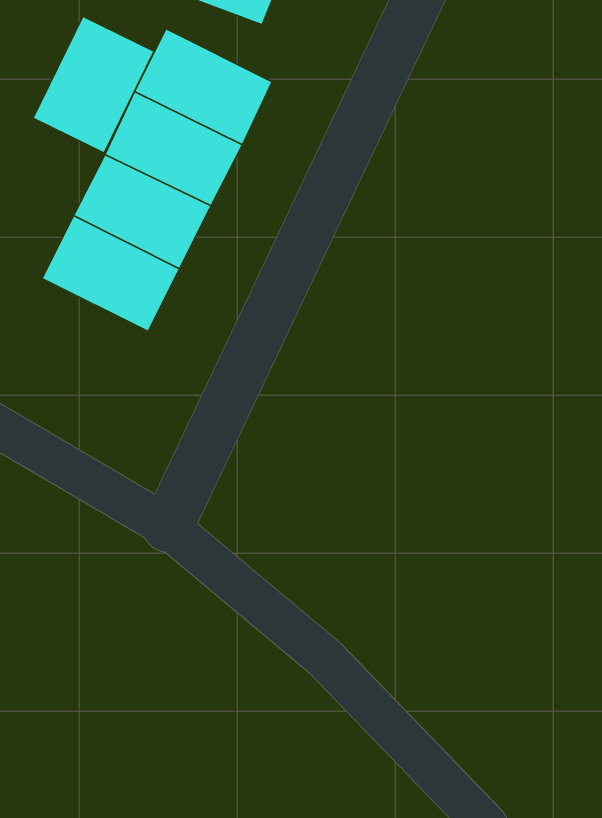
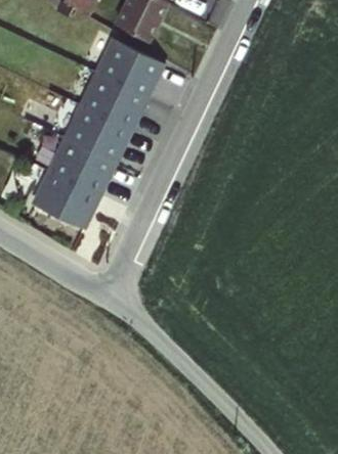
building: [33,16,154,153] -> none
building: none -> [29,169,99,229]

